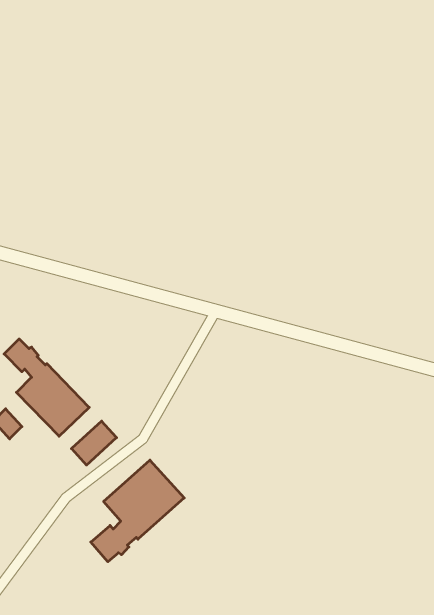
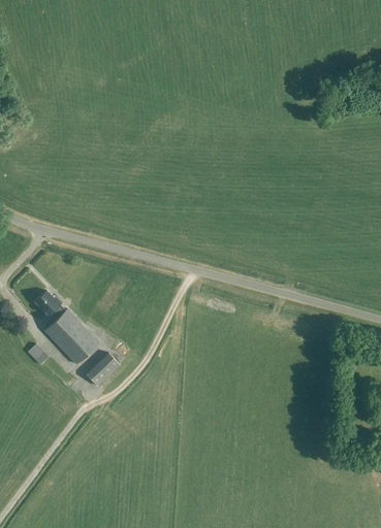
building: [91,460,184,562] -> none

